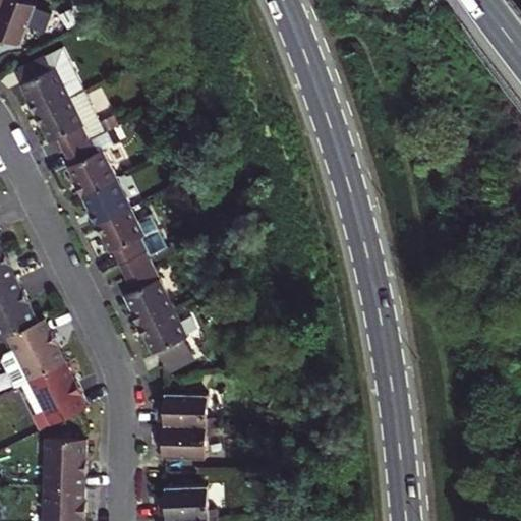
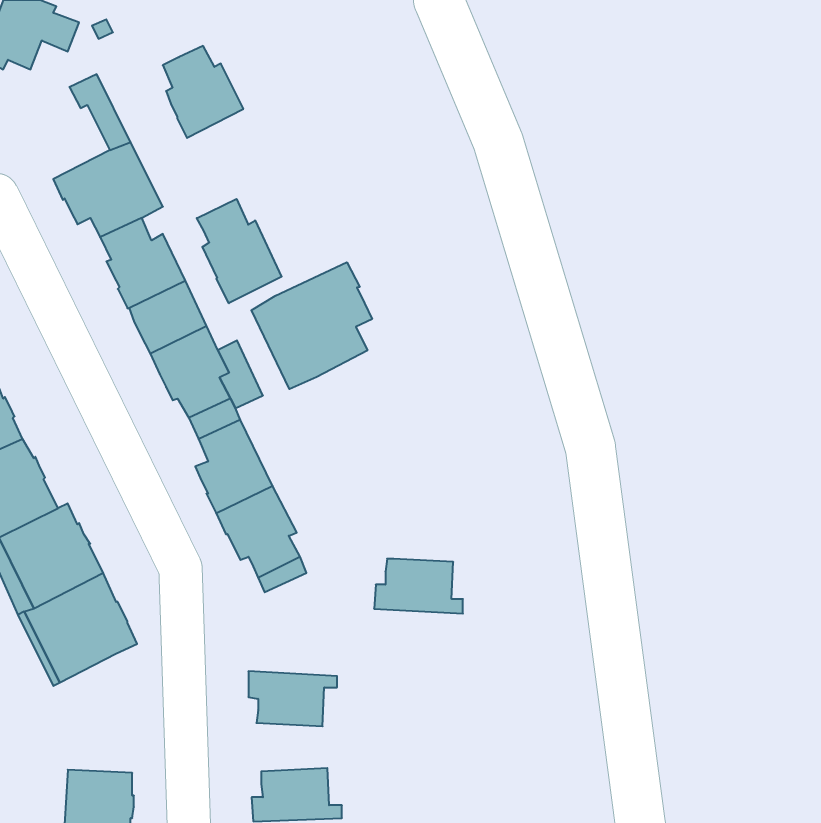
building: [18,56,69,114] -> [163,46,243,138]
building: none -> [197,199,282,303]
building: none -> [251,262,372,389]
building: [157,393,213,427] -> [374,559,463,614]
building: [43,438,85,488] -> none

